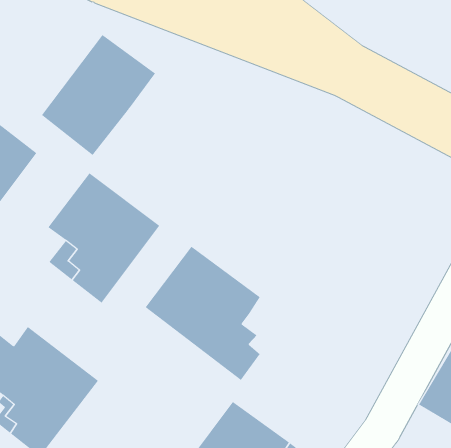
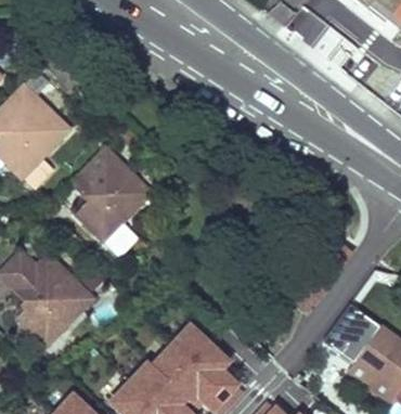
building: [41,34,156,156] -> none
building: [145,246,261,381] -> none

